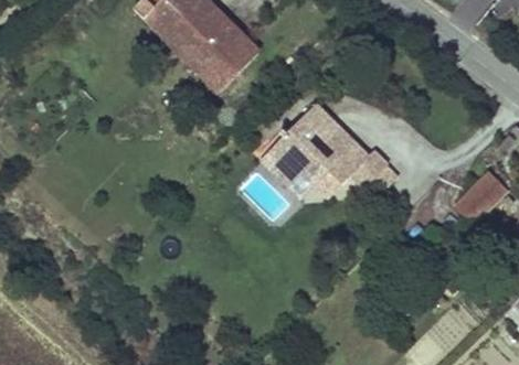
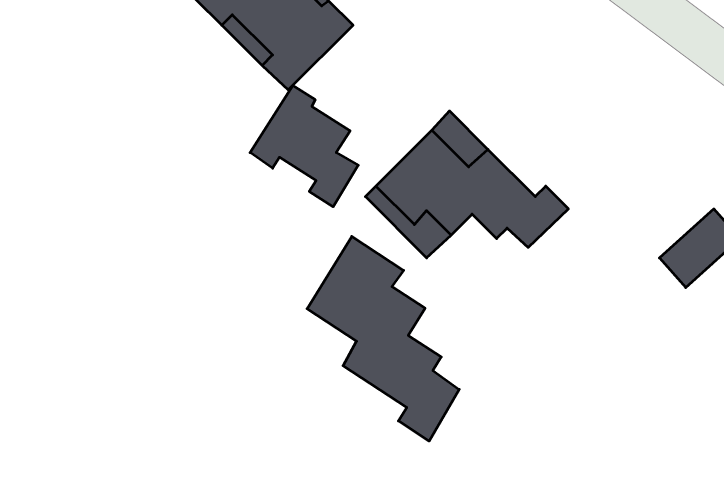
building: none -> [250,85,358,207]
building: none -> [307,236,459,441]

